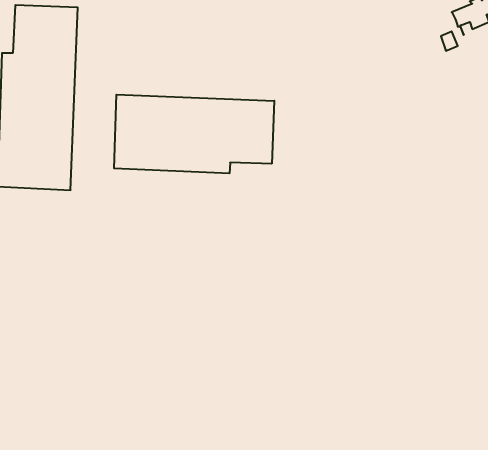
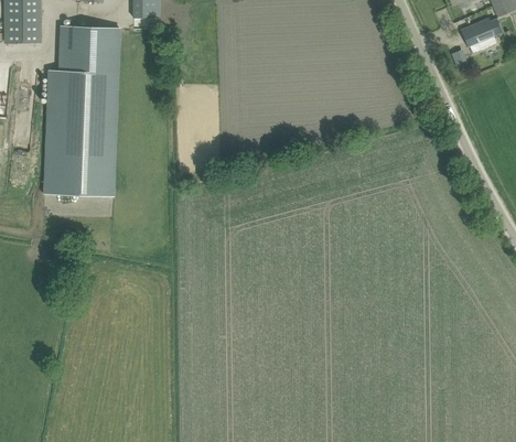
building: [114,95,274,173] -> none

